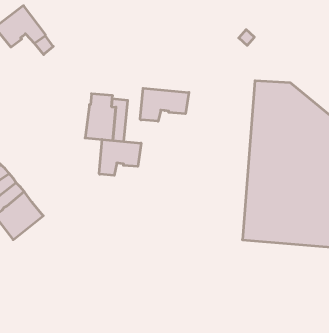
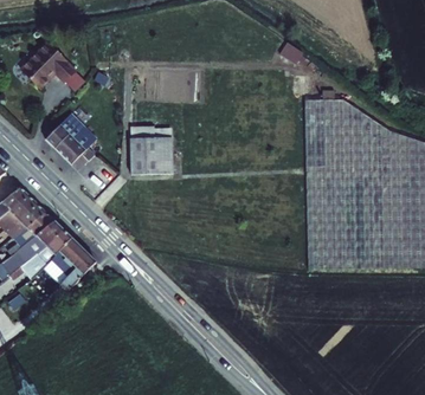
building: none -> [46,114,95,170]
building: [140,88,189,121] -> none
building: [99,139,141,175] -> none

